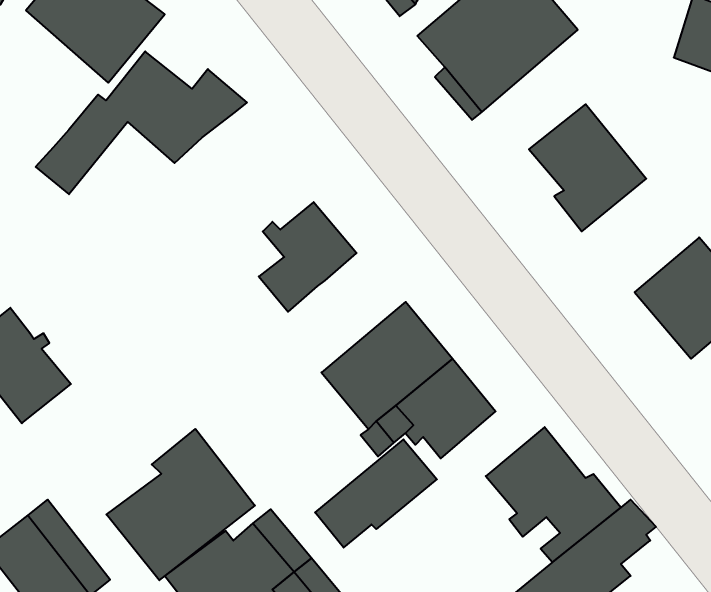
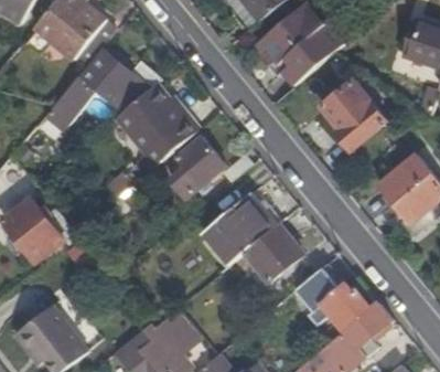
building: none -> [116,85,200,171]
building: [106,429,255,580] -> none
building: [315,439,437,548] -> none

